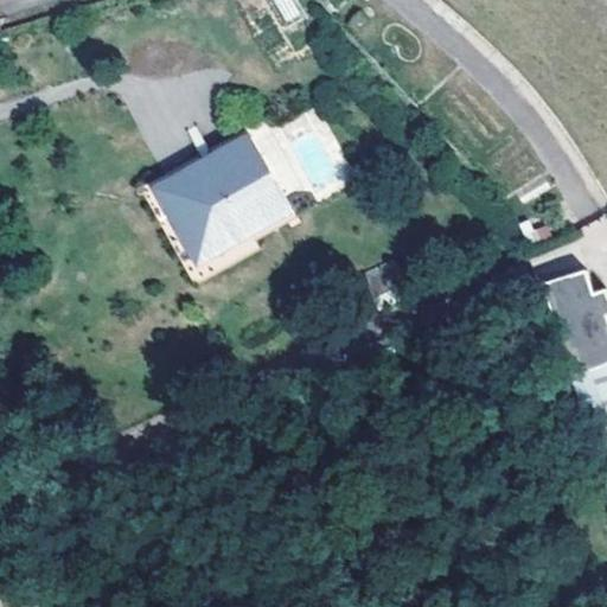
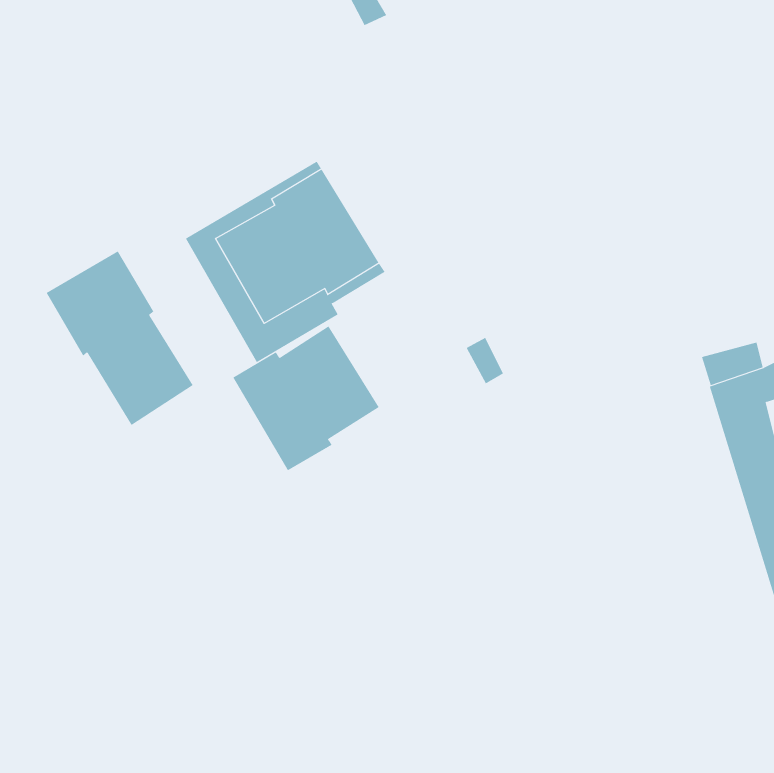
building: none -> [46,250,193,426]
building: none -> [233,326,380,471]

